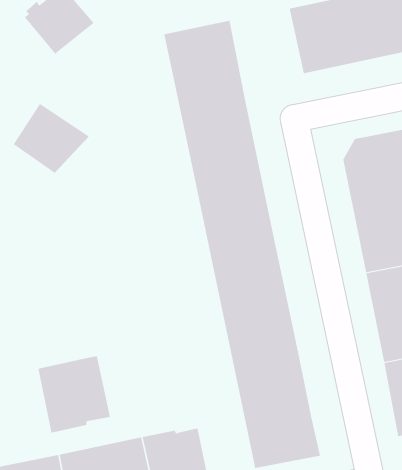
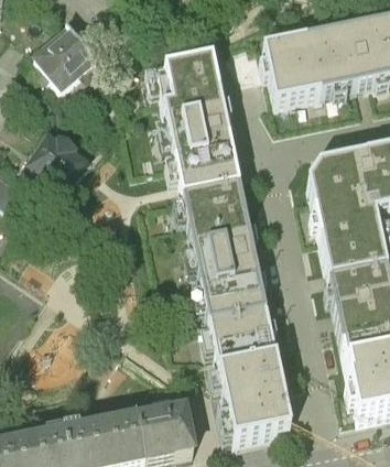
building: [38,356,111,434] -> none

